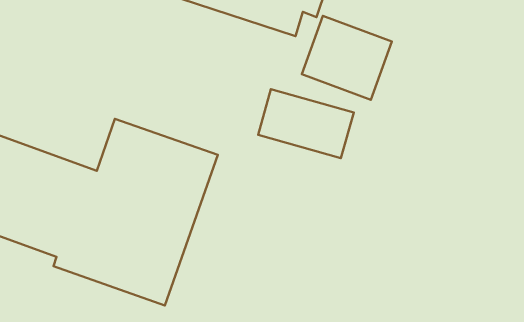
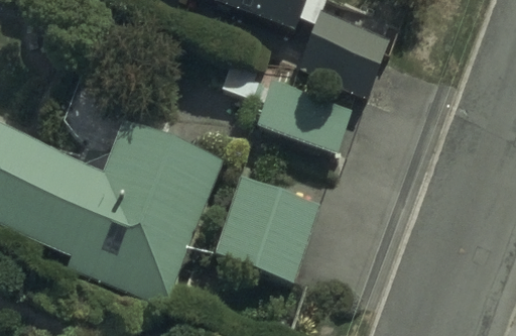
building: none -> [218,178,316,277]

